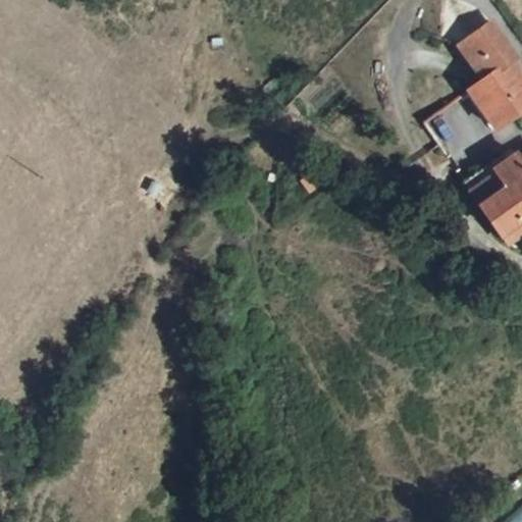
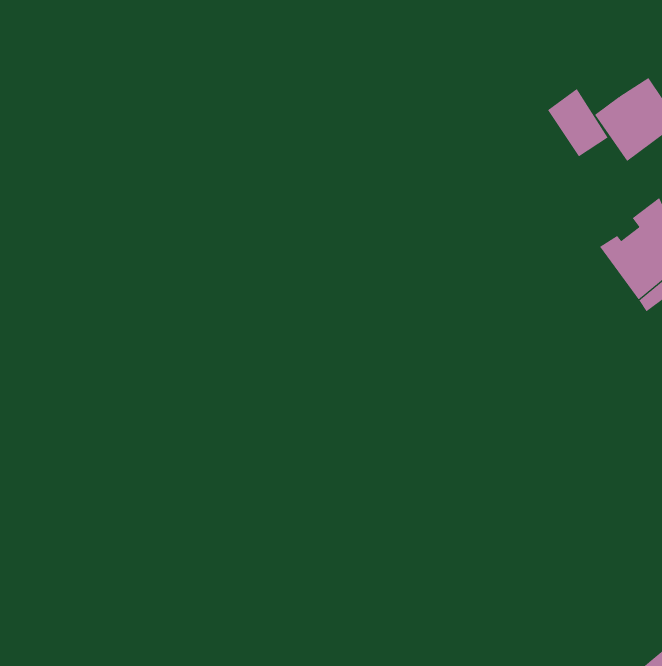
building: [463,22,511,76] -> [547,88,608,157]

